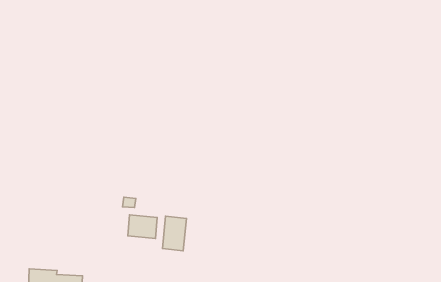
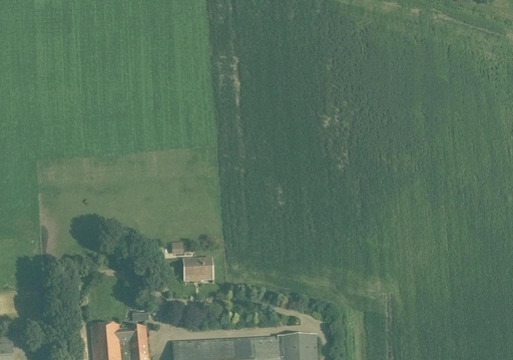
building: [162,216,186,251] -> none

